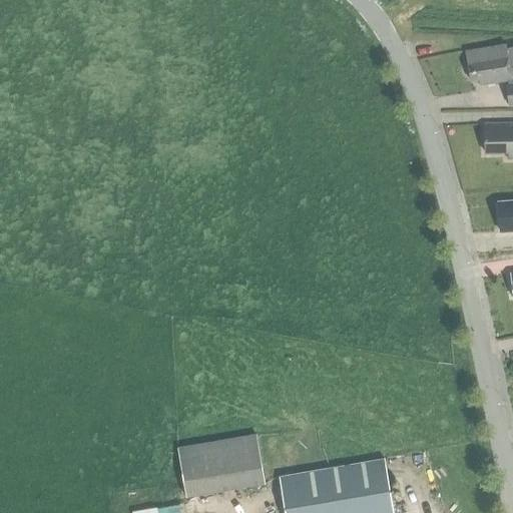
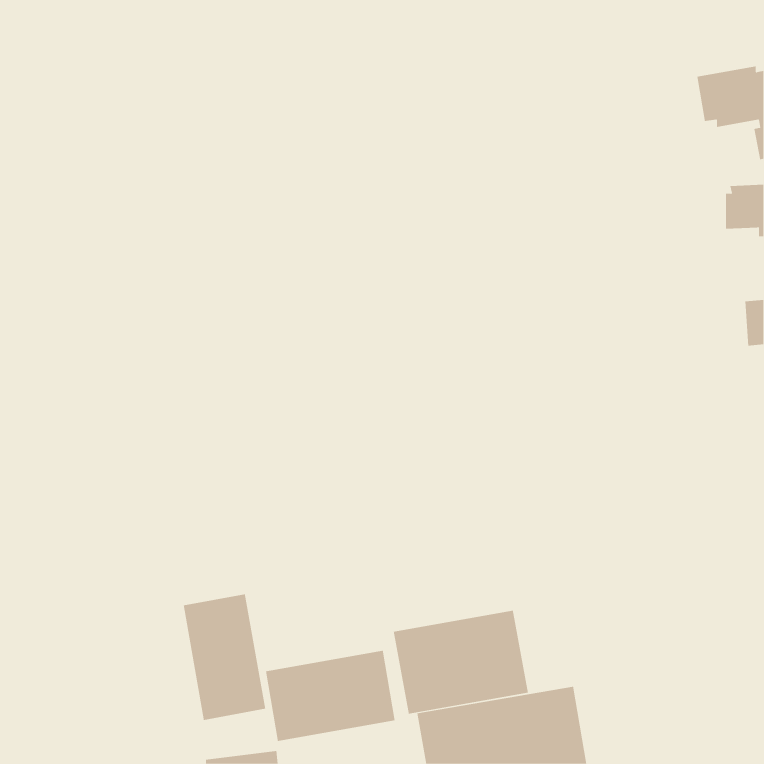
building: none -> [183,593,266,721]
building: none -> [393,610,528,714]

